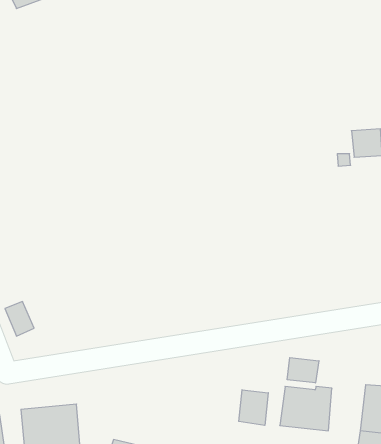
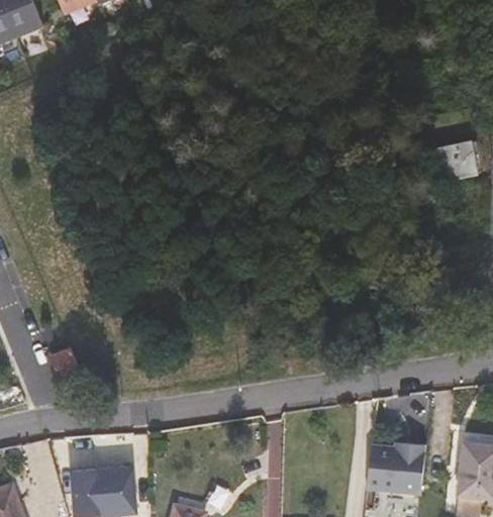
building: [287,358,319,383] -> none
building: [239,390,268,425] -> none

